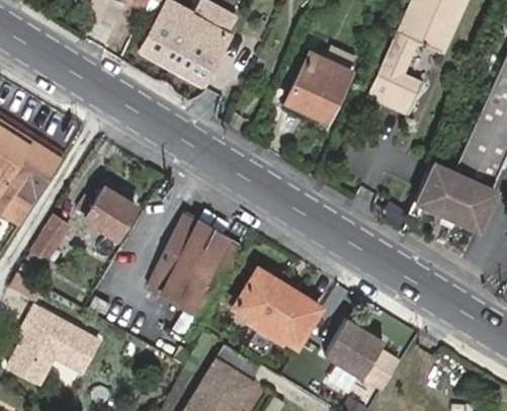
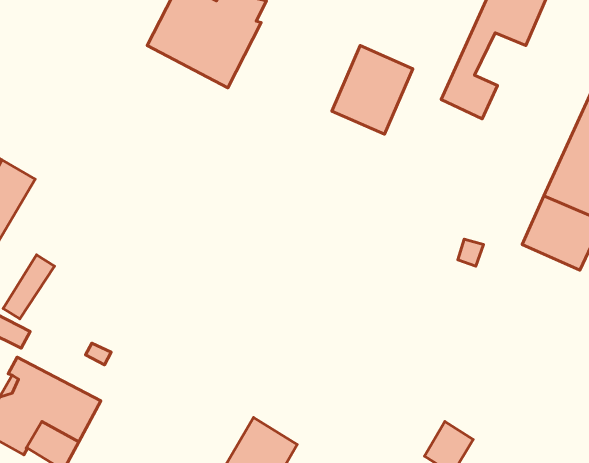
building: [417,162,453,210] -> none
building: [78,188,135,239] -> none
building: [146,217,243,323] -> none
building: [235,271,320,346] -> none
building: [322,318,382,377] -> none

